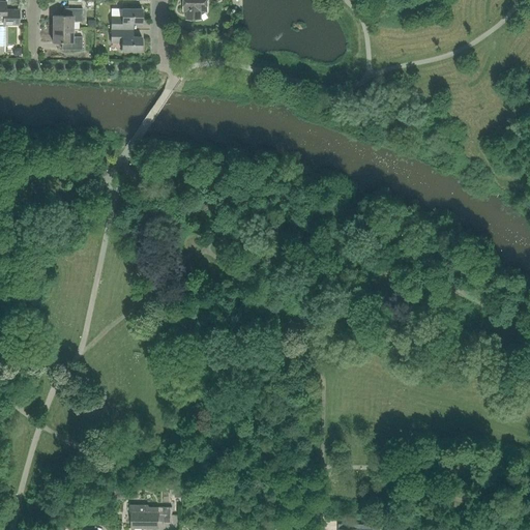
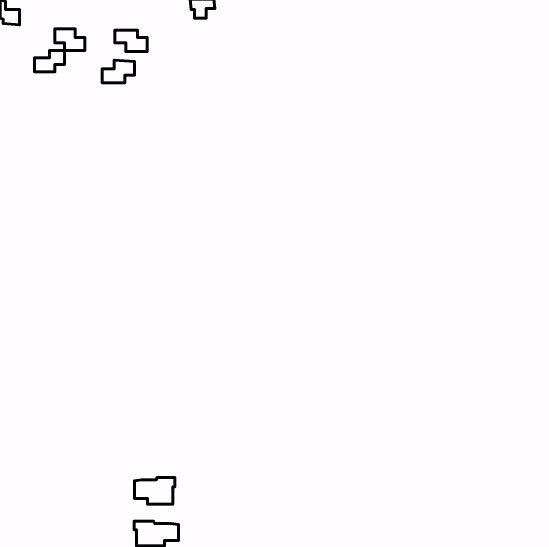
building: [53,7,82,28] -> [34,50,64,72]
building: [111,7,142,29] -> [102,60,135,83]
building: none -> [135,477,175,504]

